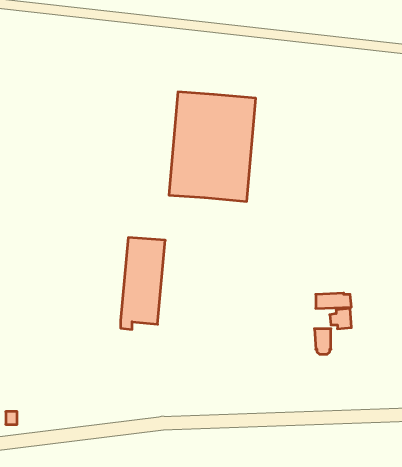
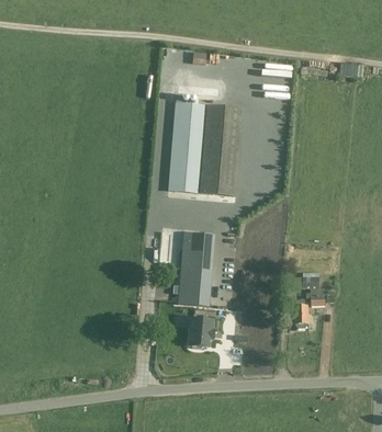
building: [121,238,165,329] -> [177,232,215,311]
building: none -> [189,318,212,349]

